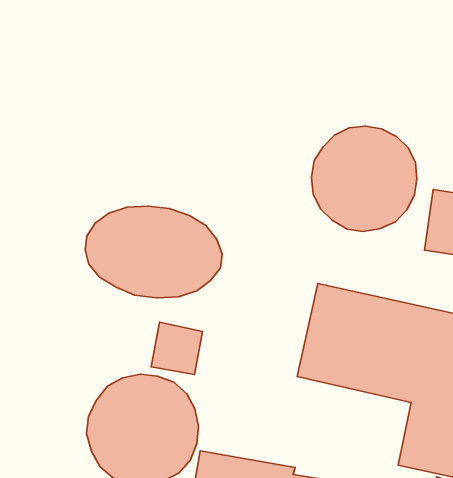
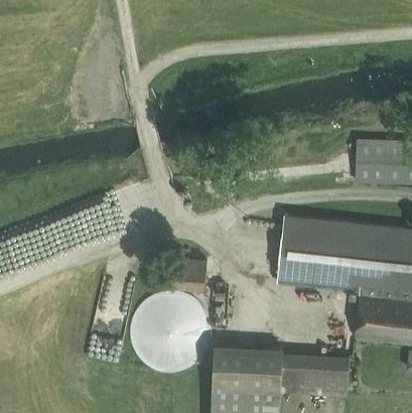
building: [312,126,417,232] -> none
building: [85,206,222,298] -> none

